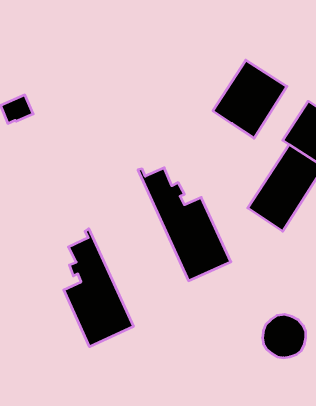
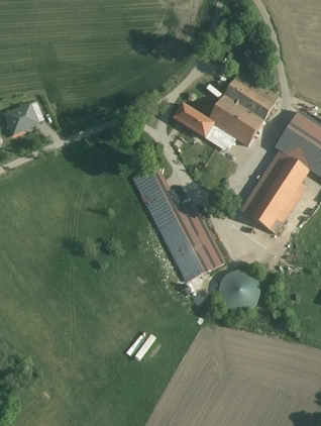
building: none -> [172,104,225,146]
building: [64,229,133,347] -> none
building: [262,314,306,358] -> [217,271,258,312]

